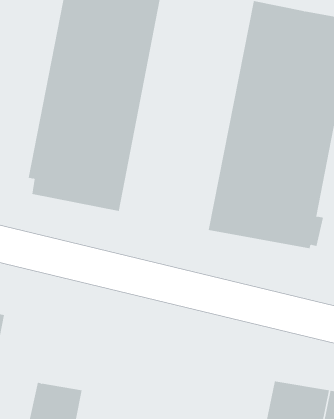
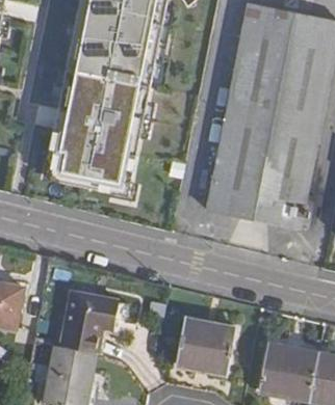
building: none -> [59,290,118,351]
building: none -> [176,317,235,371]

